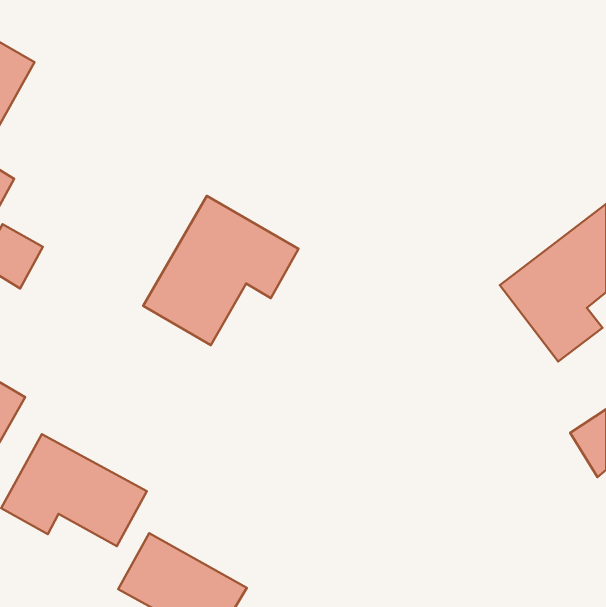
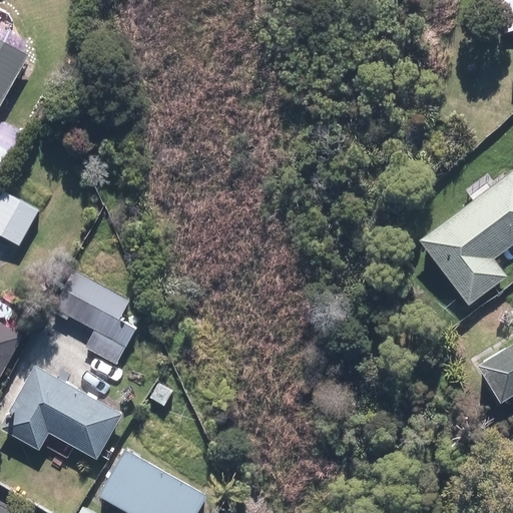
building: [143,196,298,345] -> none
building: none -> [48,269,135,367]

